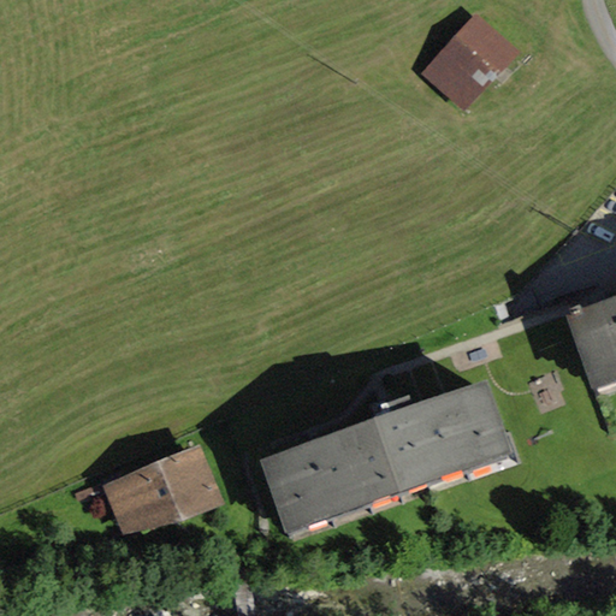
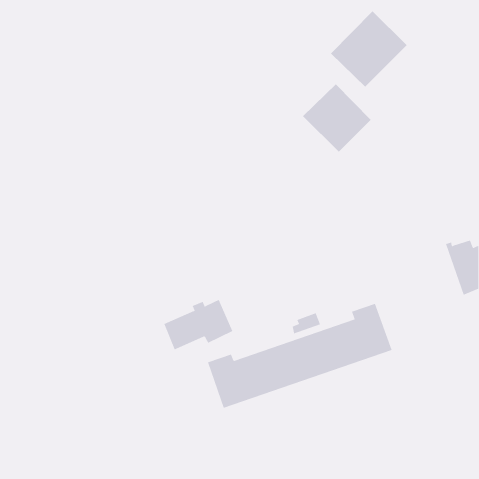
building: none -> [302,83,371,153]
building: [120,456,209,521] -> [164,299,233,350]

